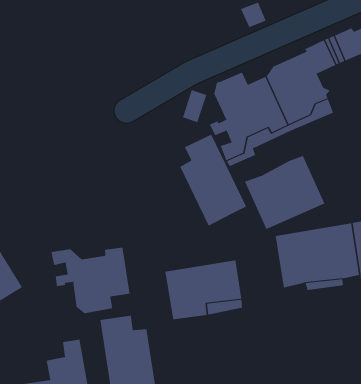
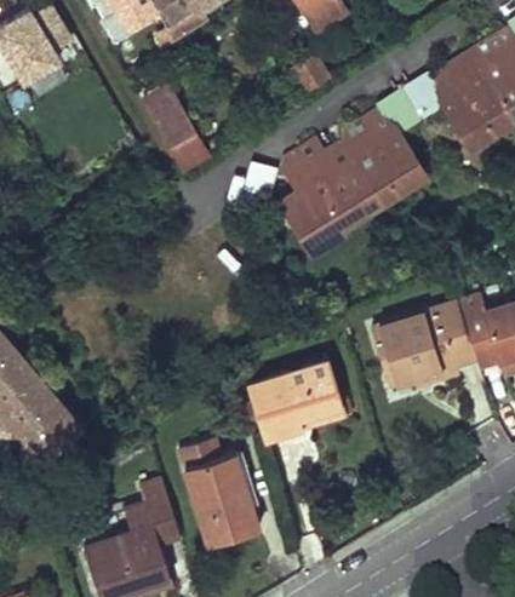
building: none -> [143,87,207,172]
building: [179,134,247,226] -> none
building: [244,155,325,230] -> none
building: [51,247,130,314] -> none

